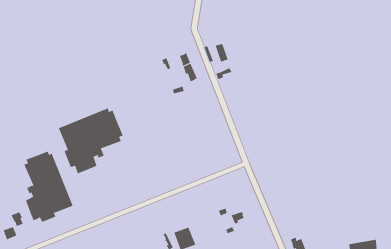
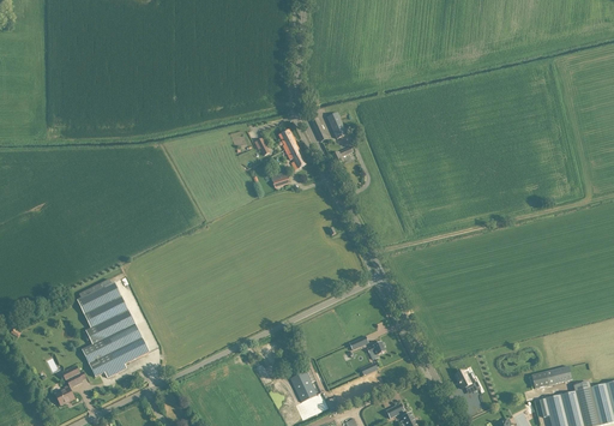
building: [58,108,123,174] -> none

